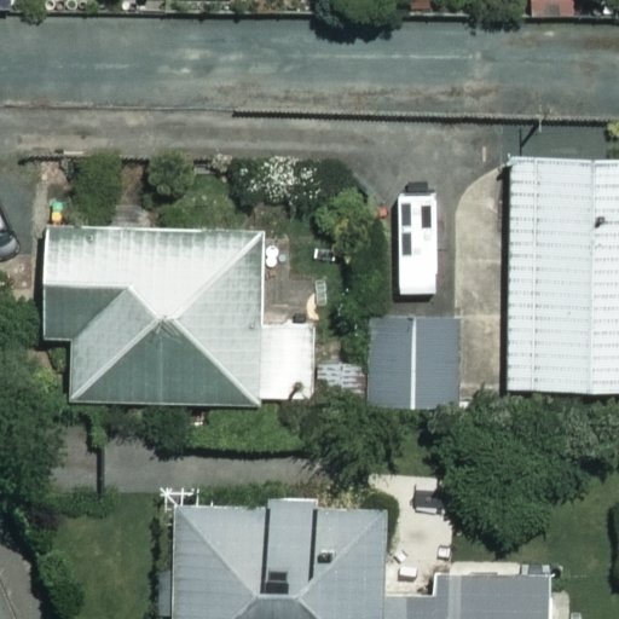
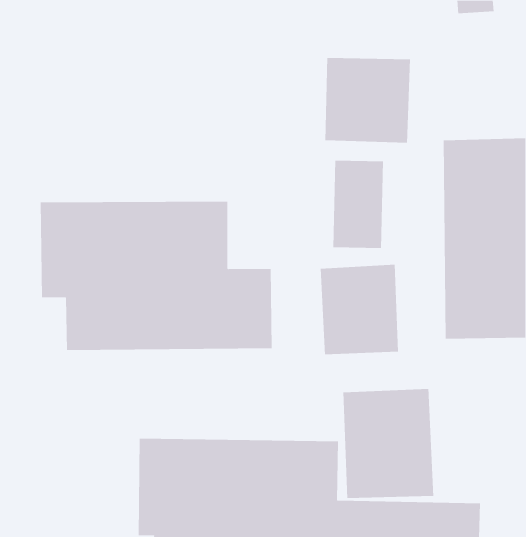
building: none -> [325,57,410,144]
building: none -> [343,388,434,499]

